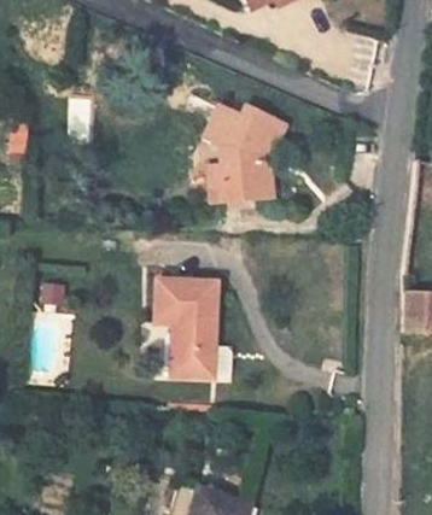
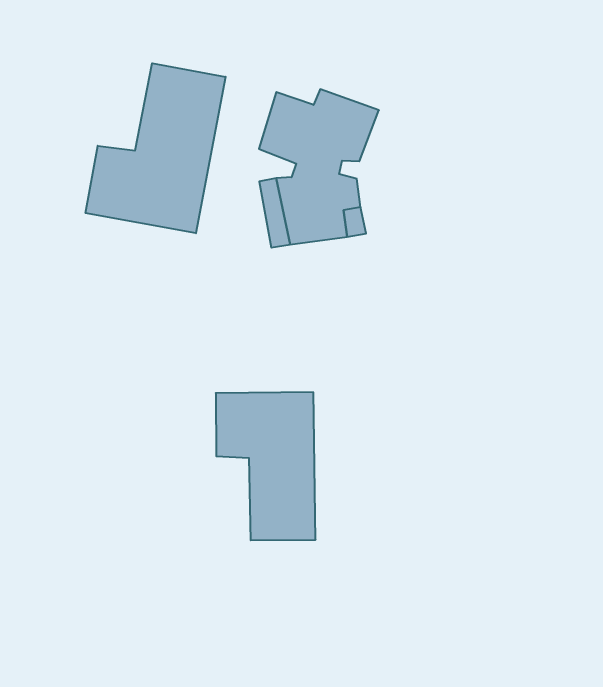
building: none -> [86,63,226,233]

